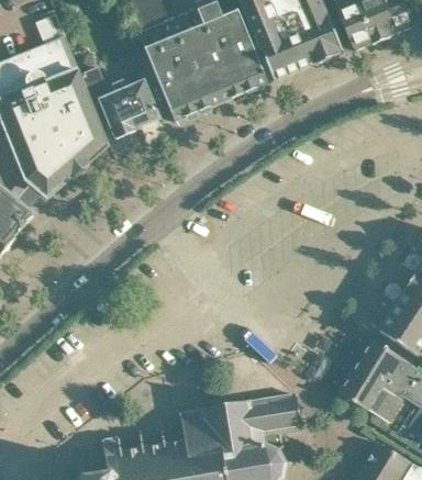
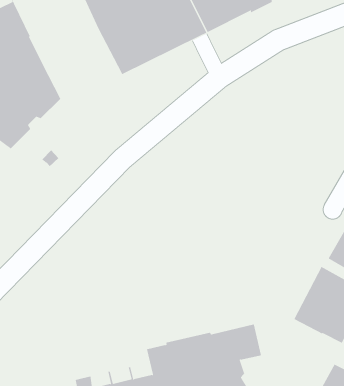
building: [79,67,169,138] -> none

